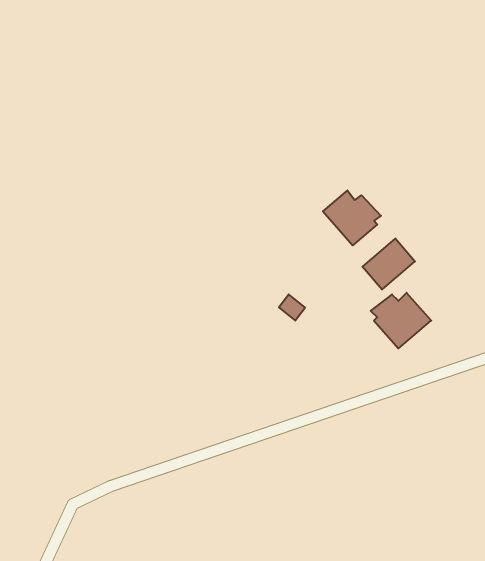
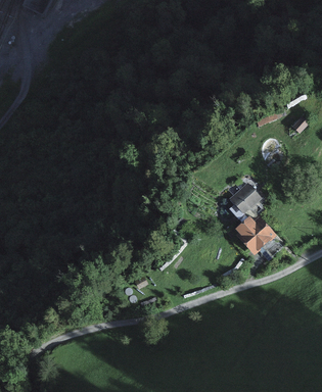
building: [323,190,381,245] -> none

